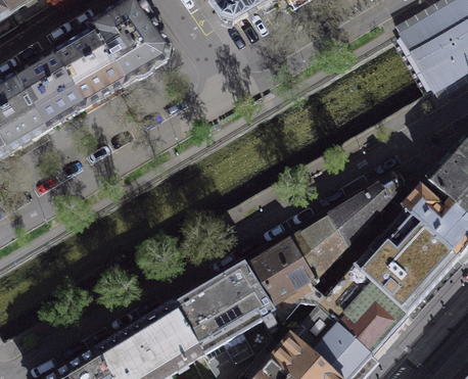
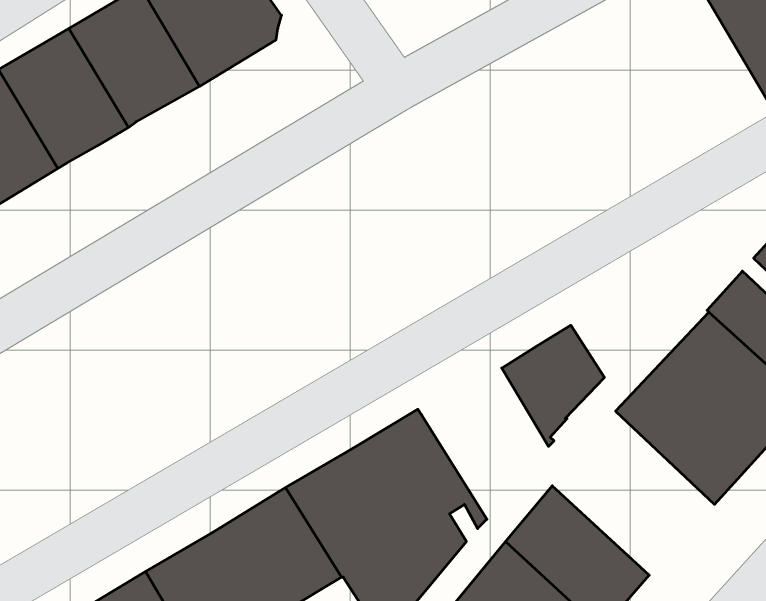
building: [328,171,405,244] -> none
building: [246,239,316,322] -> none
building: [318,263,407,352] -> none

